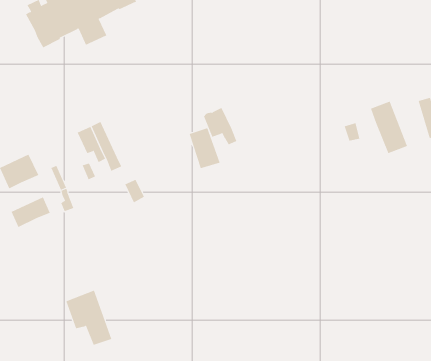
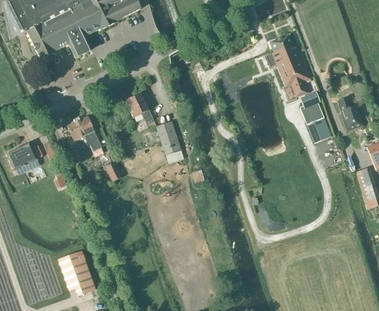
building: none -> [269,34,310,97]
building: [203,107,237,145] -> [126,93,153,123]
building: [11,197,50,228] -> none

